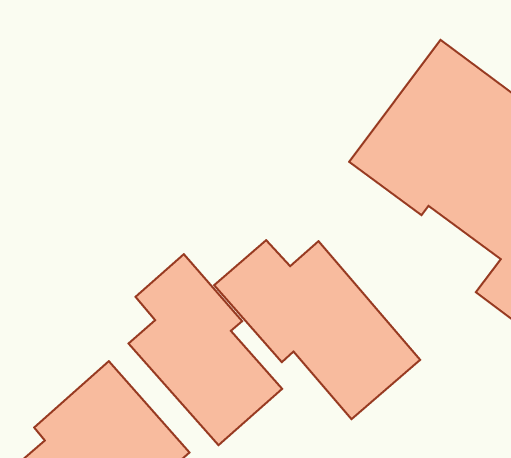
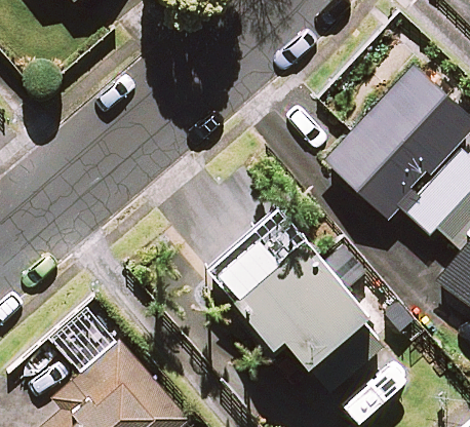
building: [128,254,282,445] -> none

